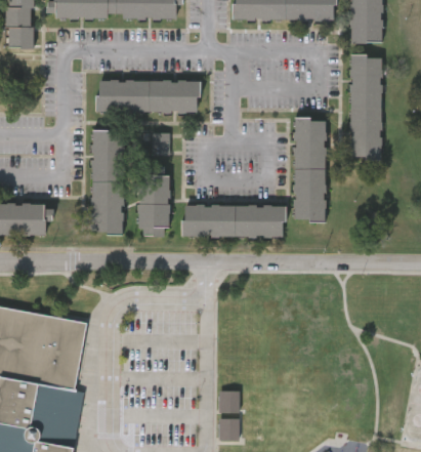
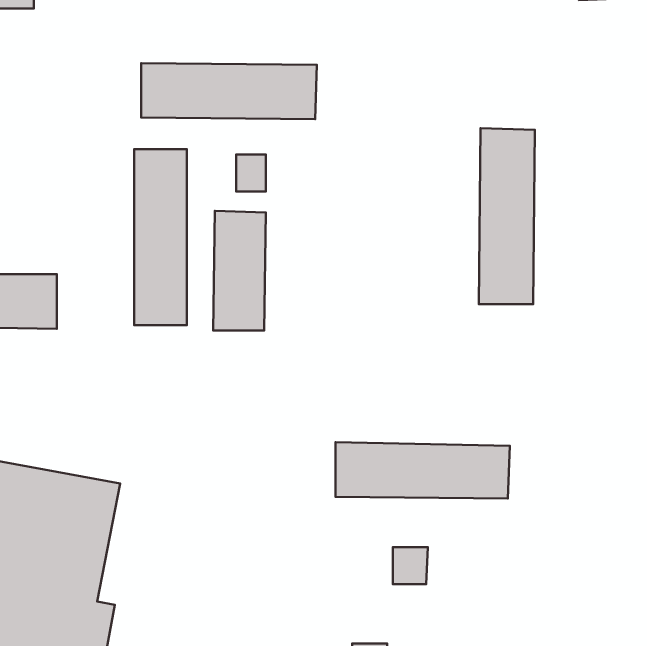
building: [350,56,382,159] -> none
building: [182,205,284,238] -> [336,442,510,499]
building: [219,392,240,413] -> [393,547,428,584]

